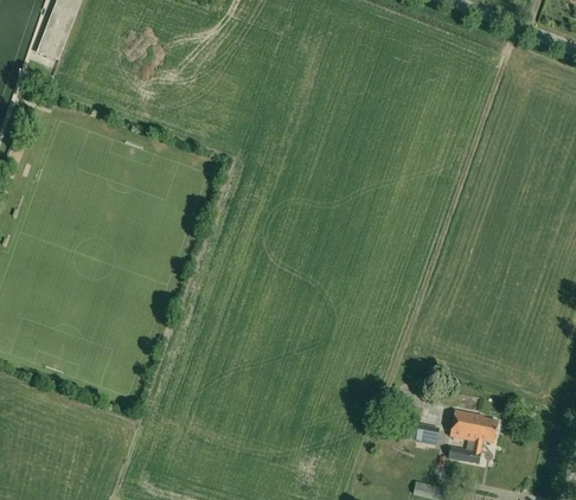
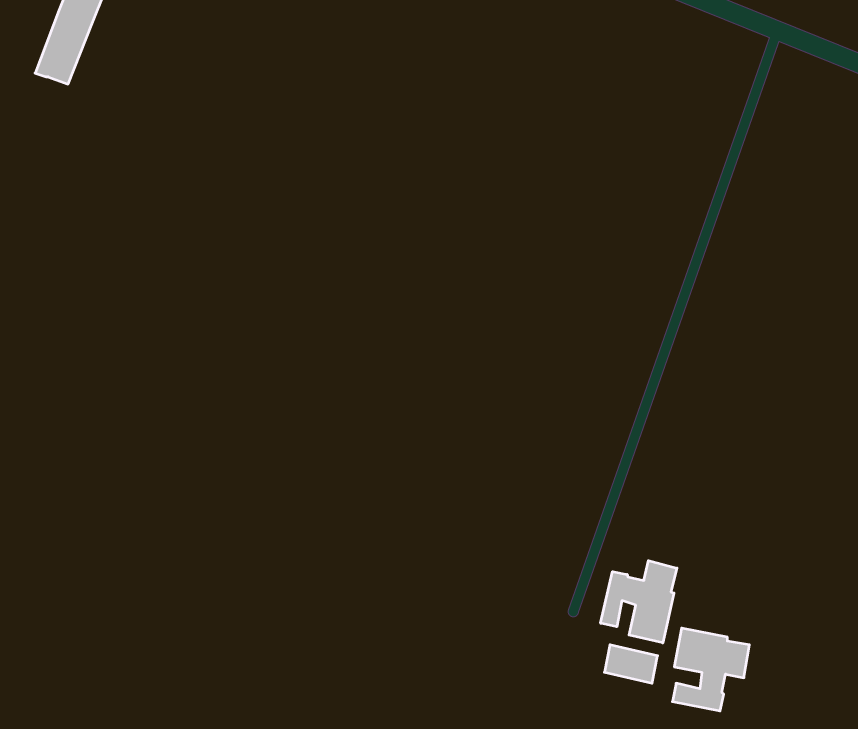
building: none -> [601,561,677,643]

